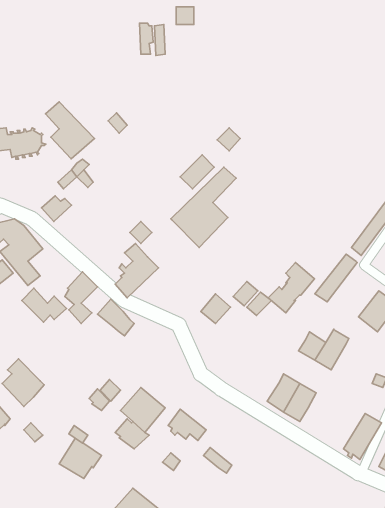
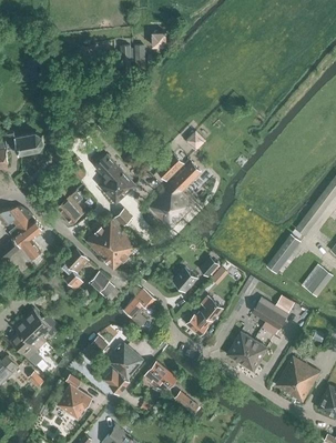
building: [45,102,94,159] -> [95,157,135,203]
building: none -> [57,190,85,223]
building: none -> [86,218,120,259]
building: [268,262,314,313] -> [186,294,224,335]
building: [22,288,67,322] -> [24,310,61,338]
building: none -> [125,289,156,326]
building: none -> [276,356,307,393]

